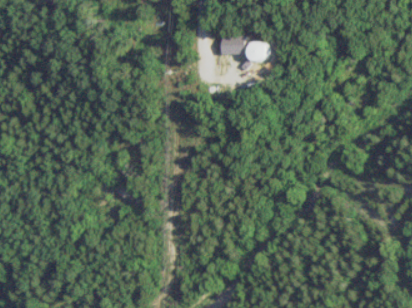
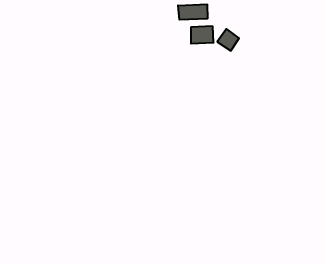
building: none -> [178,4,207,20]

